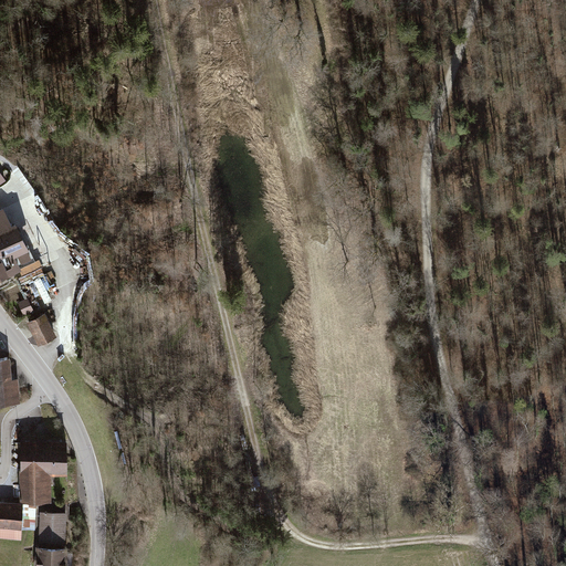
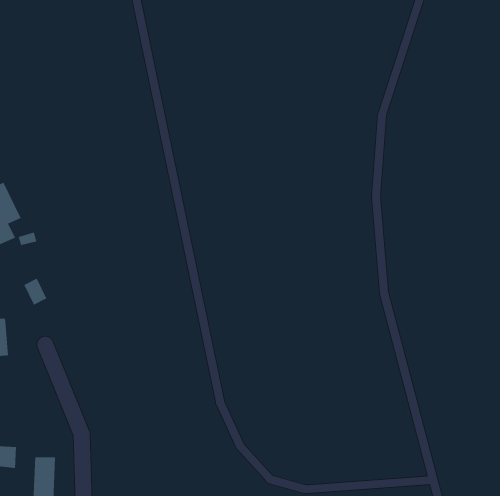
building: [22,447,64,505] -> none

